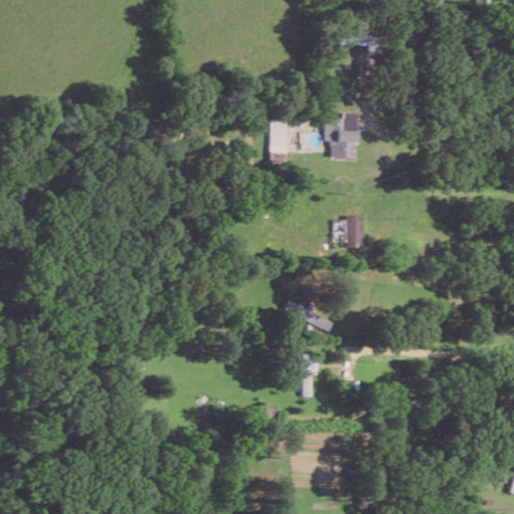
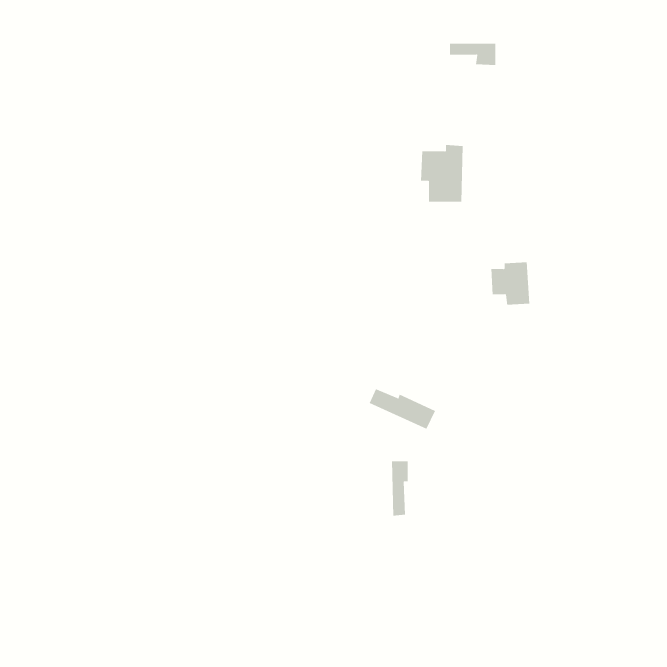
building: [270,119,287,163] -> none
building: [334,216,364,249] -> [491,262,530,305]

